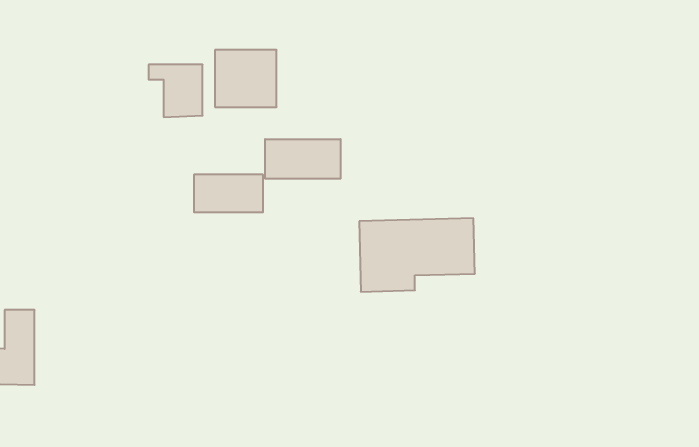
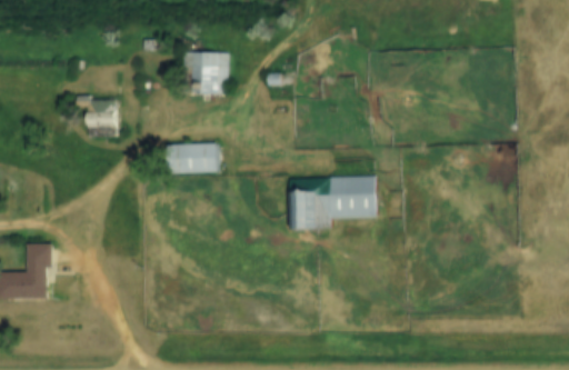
building: [149,65,203,117] -> [77,98,117,137]
building: [265,139,341,179] -> none

